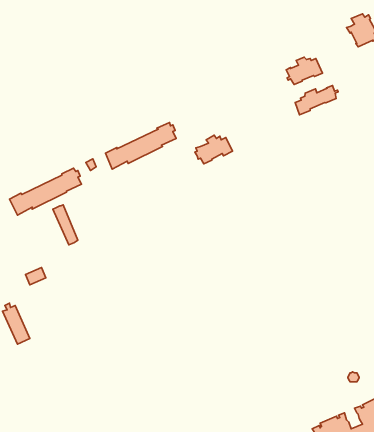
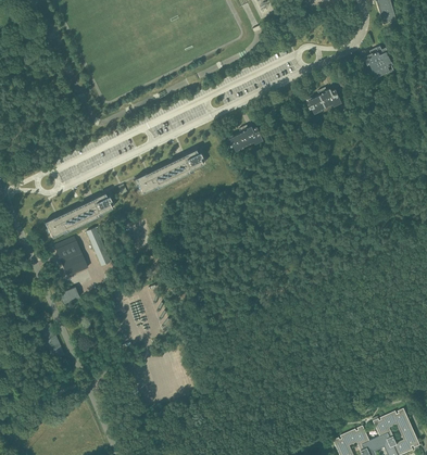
building: [295,85,338,115] -> none
building: [195,135,233,164] -> [228,125,264,152]
building: none -> [54,237,88,277]

